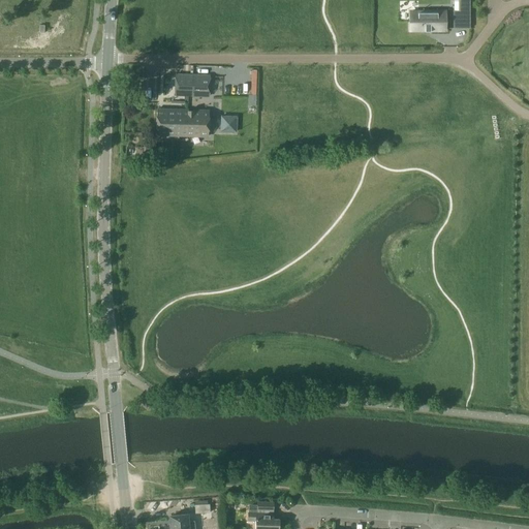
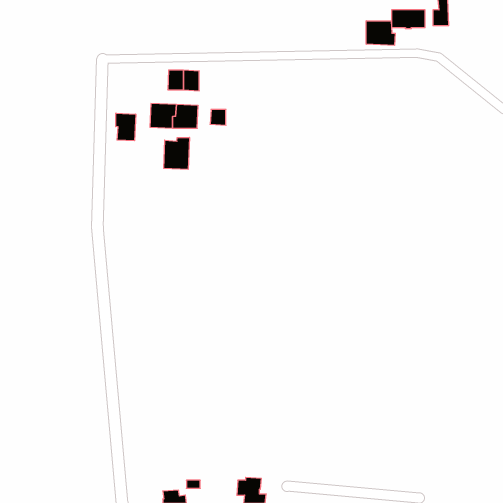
building: none -> [366,21,395,45]
building: none -> [116,113,136,141]
building: none -> [164,137,189,169]

